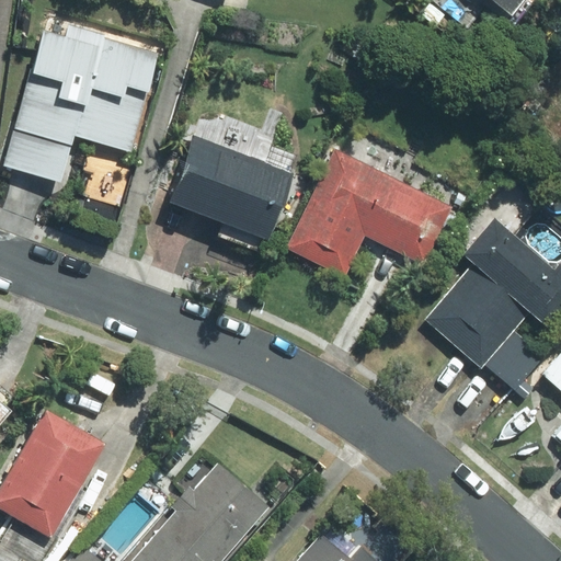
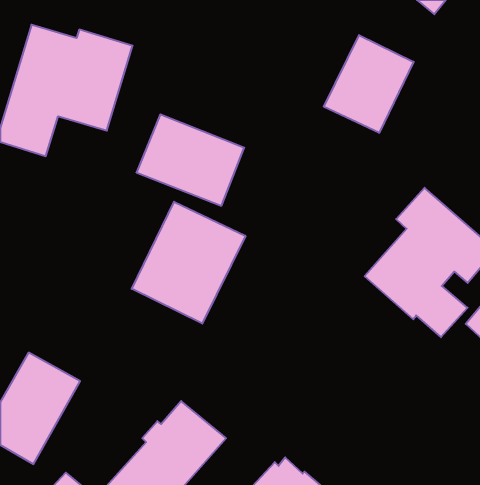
building: none -> [324,35,414,133]
building: [288,150,455,278] -> none
building: none -> [132,202,245,324]

